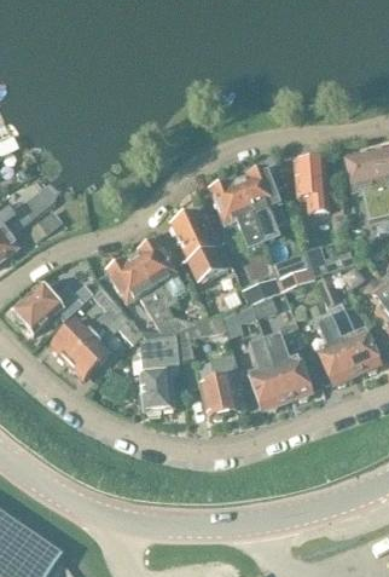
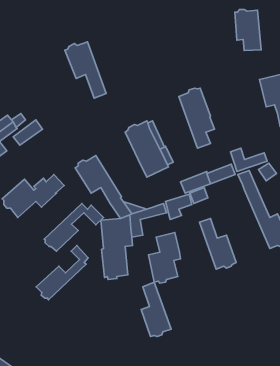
building: [295,157,329,210] -> [235,9,261,51]
building: [210,178,263,250] -> [65,42,106,98]
building: [133,240,178,307] -> none
building: [51,292,117,362] -> [36,246,88,300]
building: [309,299,356,385] -> none
building: [249,340,288,410] -> [141,282,171,337]

